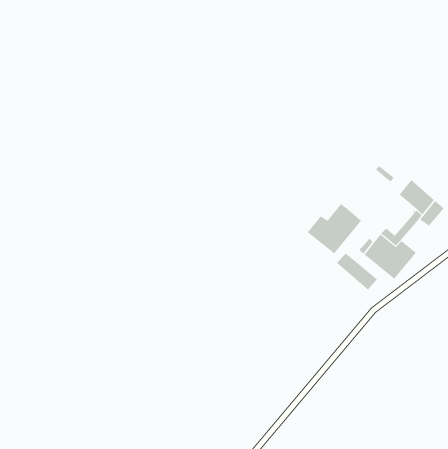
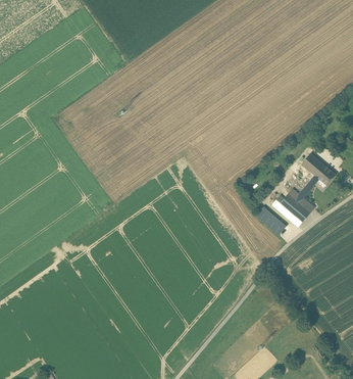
building: [307,203,362,254] -> none

